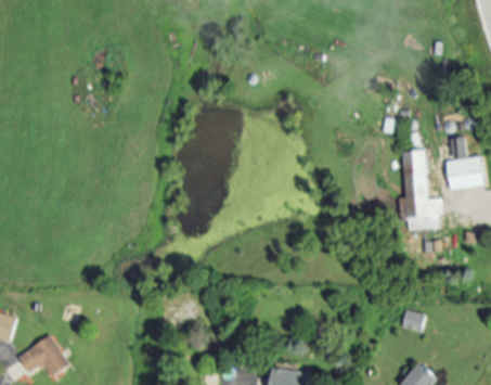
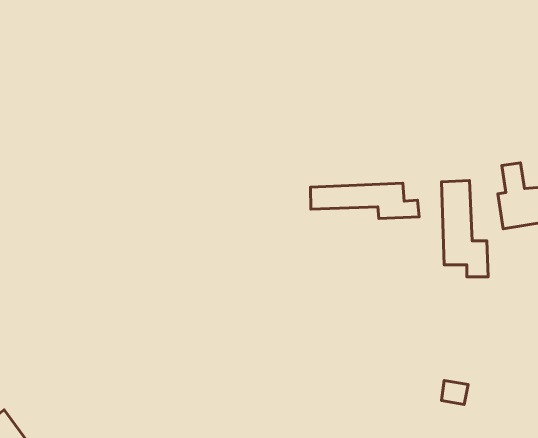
building: none -> [310,183,419,218]

